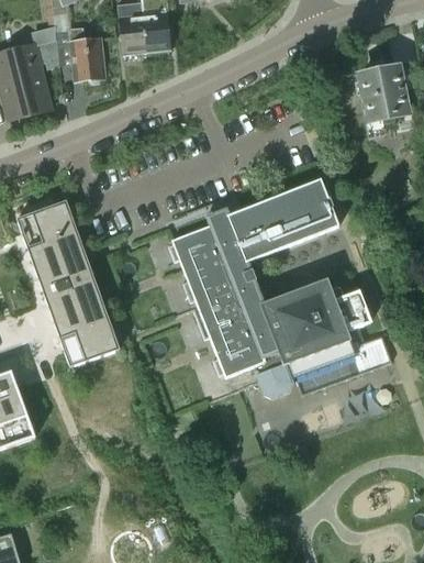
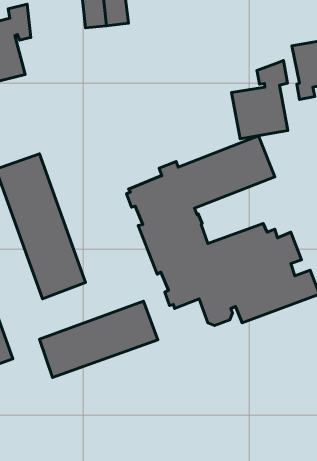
building: [68,29,103,82] -> none
building: none -> [232,60,288,139]
building: none -> [39,301,158,378]

